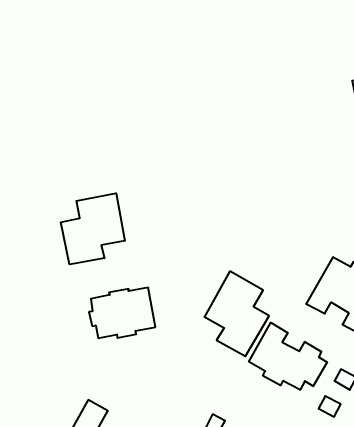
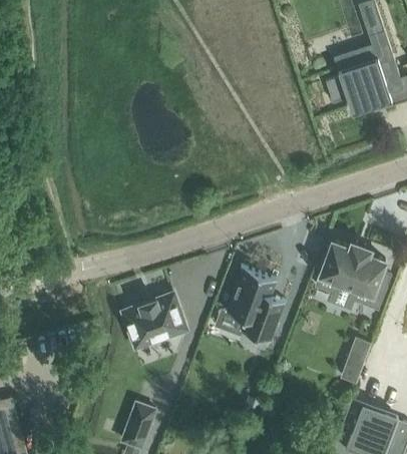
building: [61,193,125,264] -> none
building: [249,323,327,390] -> none

